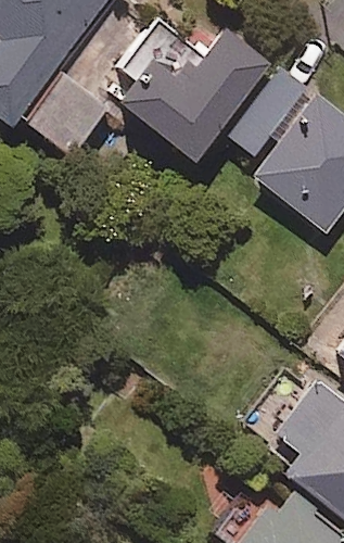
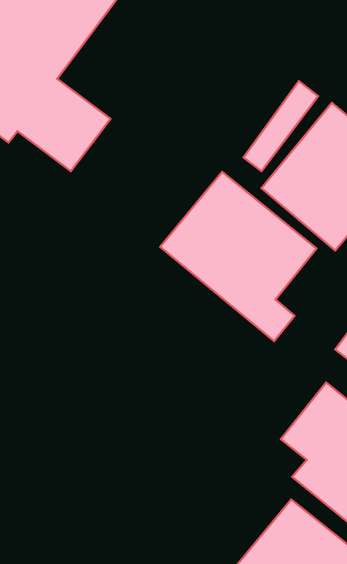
building: [115,23,276,176] -> none
building: none -> [160,172,316,341]

